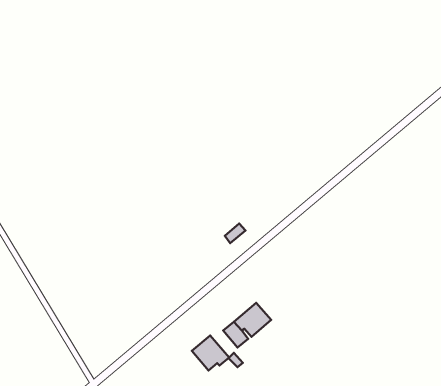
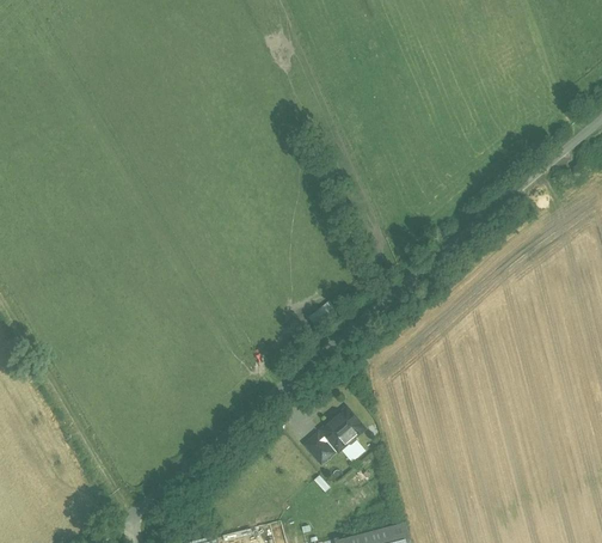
building: [192,336,229,370] -> none

